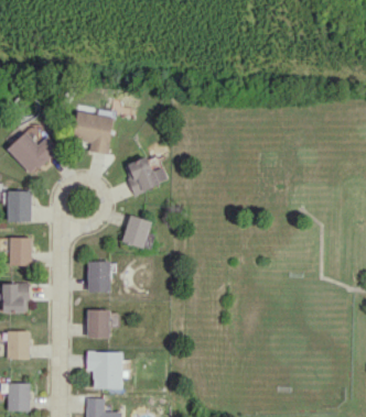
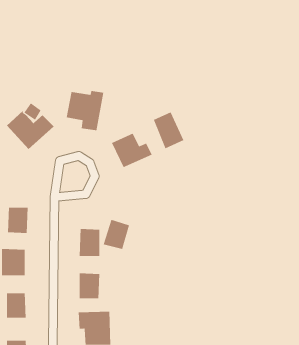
building: none -> [153,111,184,149]
building: [8,190,32,222] -> none
building: [121,215,151,248] -> [103,219,130,249]

